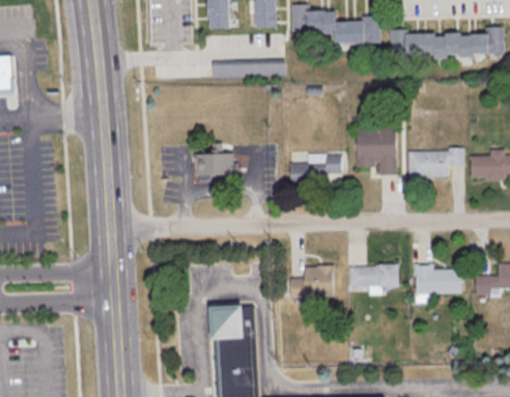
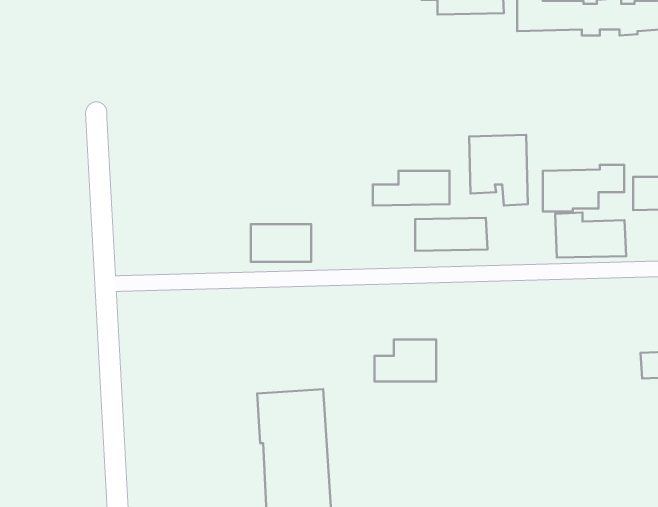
building: [211,60,285,76] -> none
building: [195,152,236,178] -> [251,224,311,262]
building: [415,262,463,293] -> [555,212,626,258]
building: [349,266,399,289] -> [415,218,487,251]

